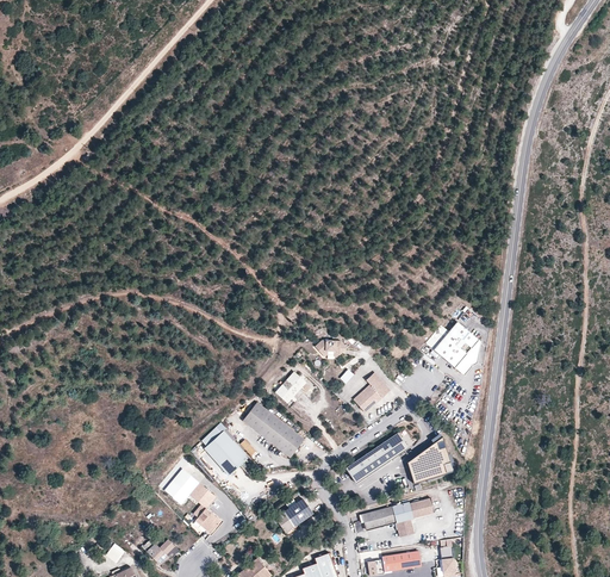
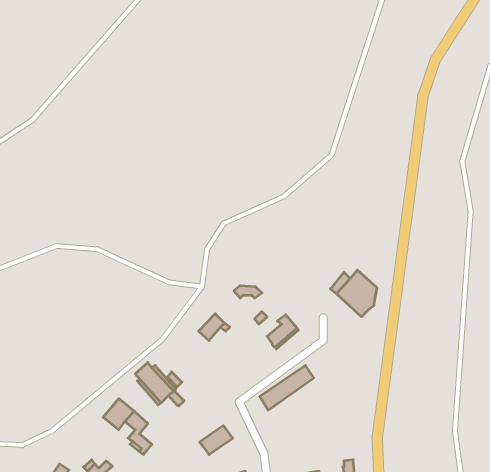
building: [242,401,304,457] -> none
building: [405,434,452,479] -> none
building: [361,497,434,536] -> none

